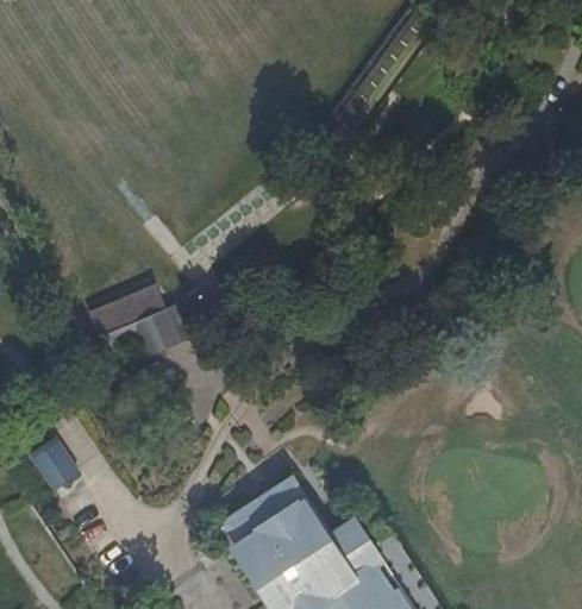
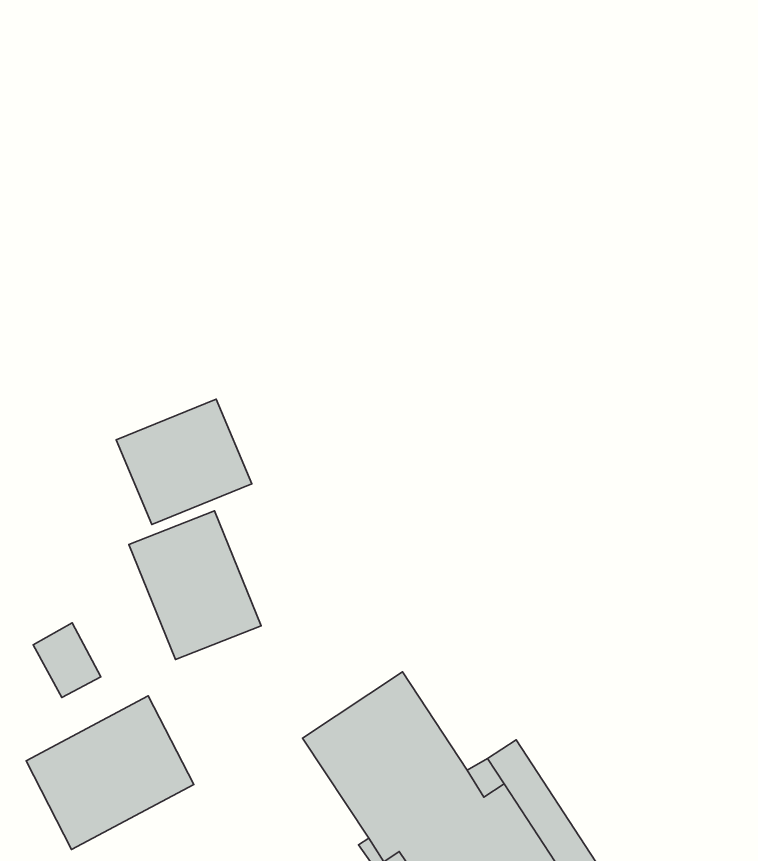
building: none -> [129,511,261,659]
building: none -> [26,696,194,850]

